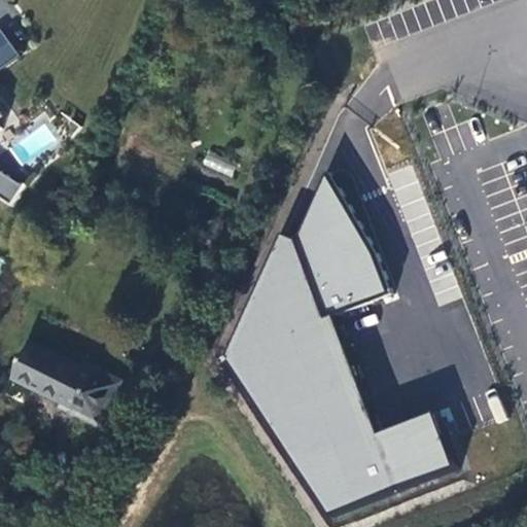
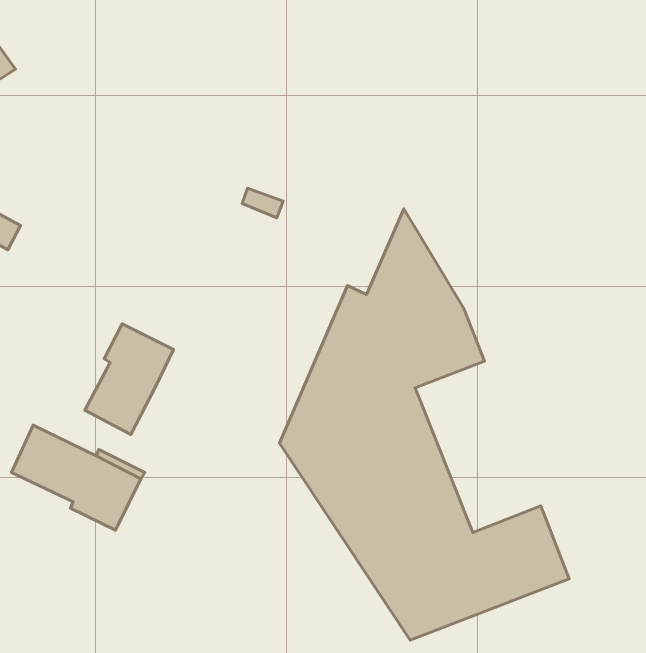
building: none -> [85,324,173,435]

